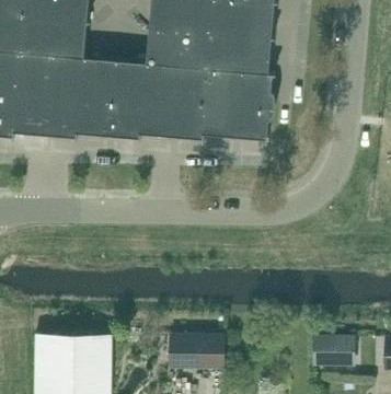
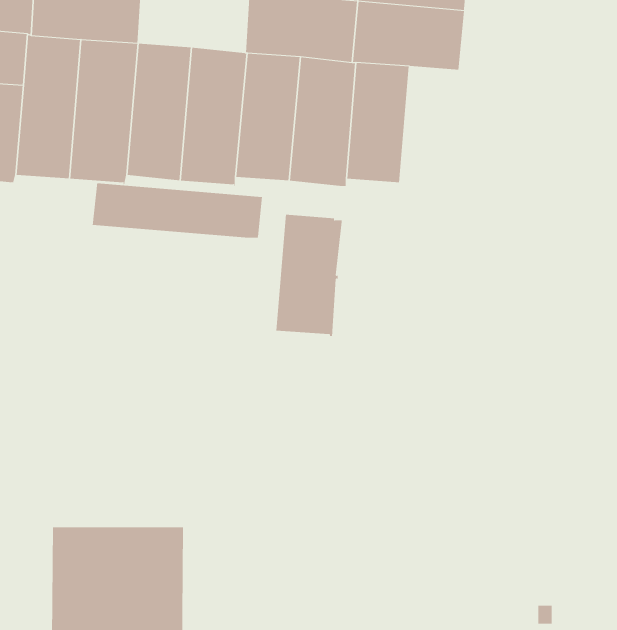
building: [234,70,273,140] -> [276,214,342,336]
building: none -> [92,182,263,239]
building: [170,335,223,368] -> none
building: [314,337,353,366] -> none

